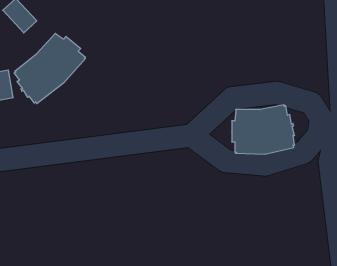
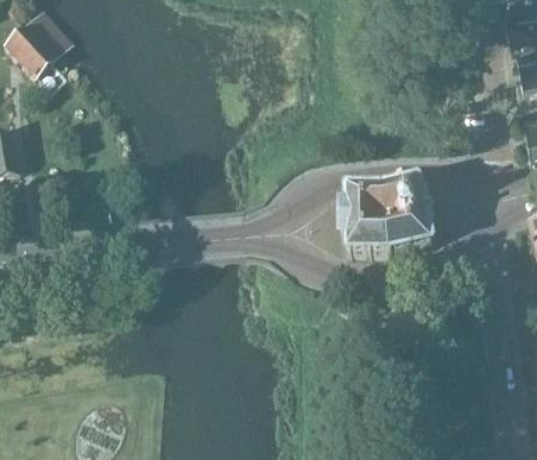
building: [14,33,85,104] -> none

